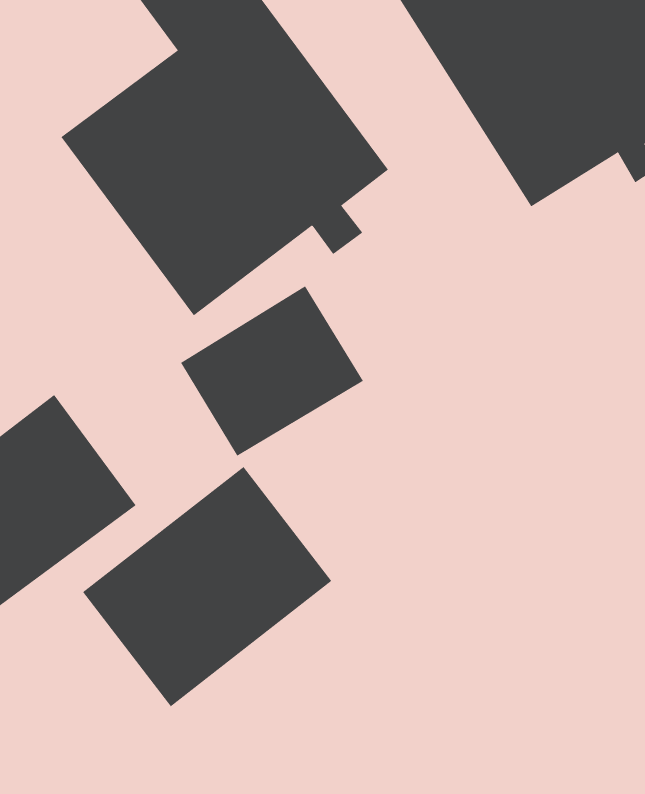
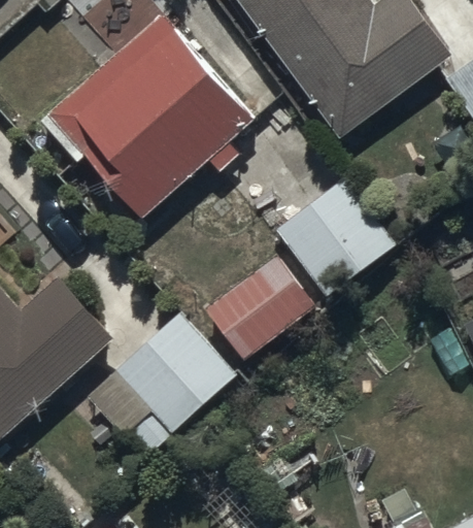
building: none -> [273,175,396,299]
building: [180,285,364,457] -> [201,251,315,360]

